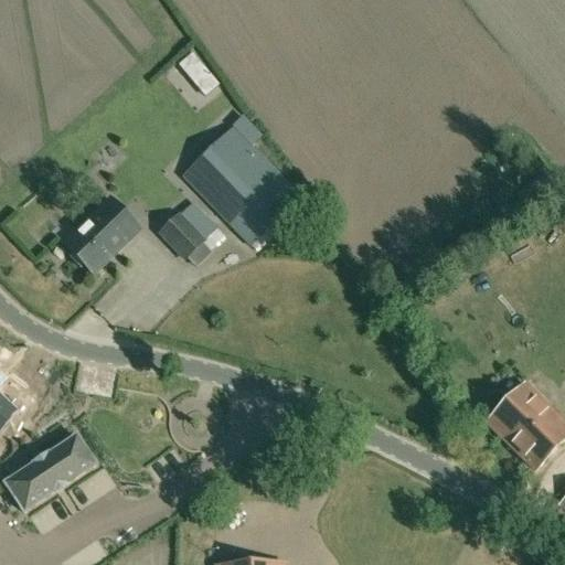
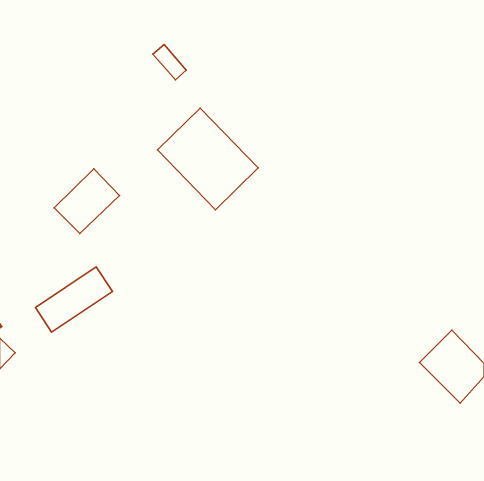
building: [159,202,215,257] -> none
building: [4,435,94,511] -> [36,267,112,332]

